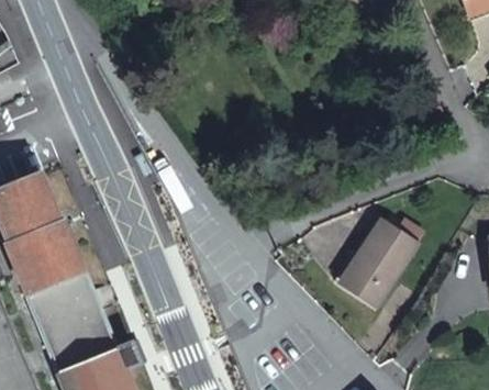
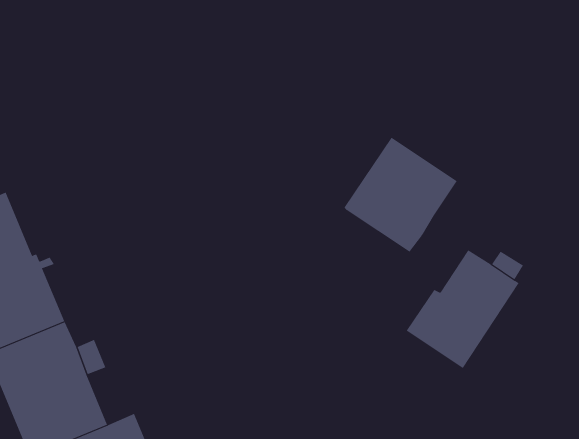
building: none -> [344,137,457,253]

